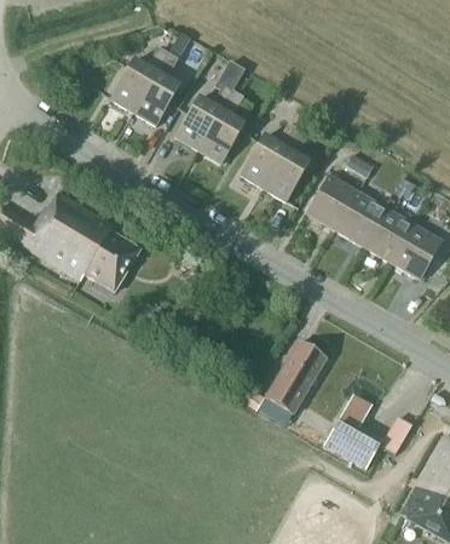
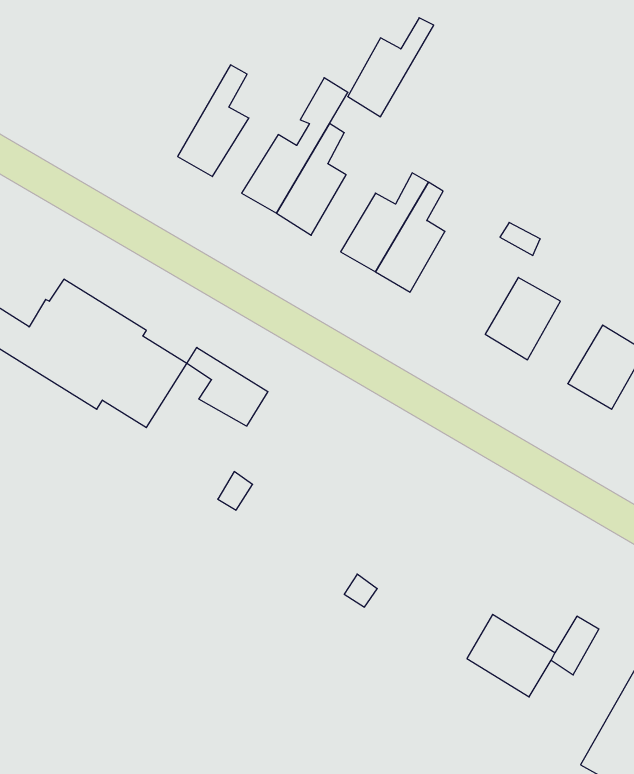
building: [110,46,167,111] -> [348,18,434,117]
building: [306,174,357,229] -> none
building: [363,207,412,262] -> none
building: none -> [187,347,268,426]
building: [266,340,327,412] -> none

